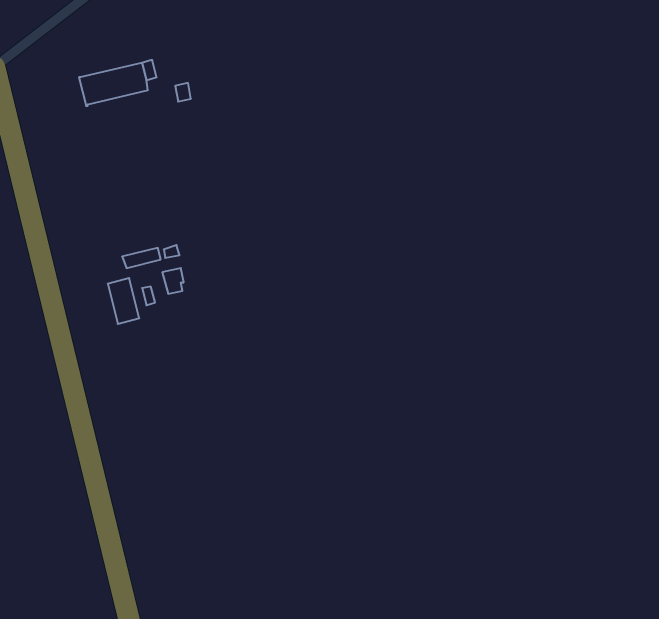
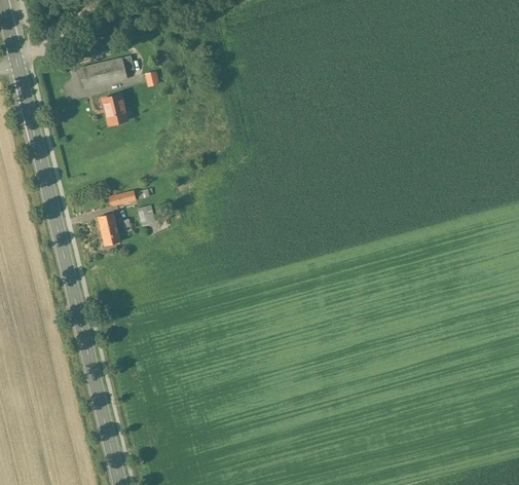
building: none -> [103,94,127,124]

